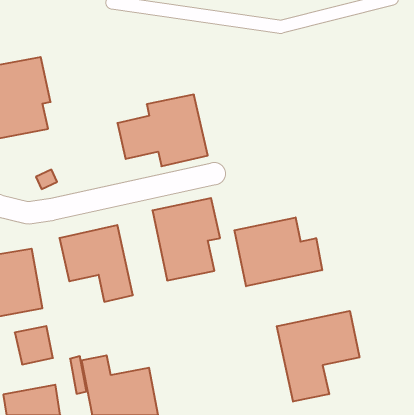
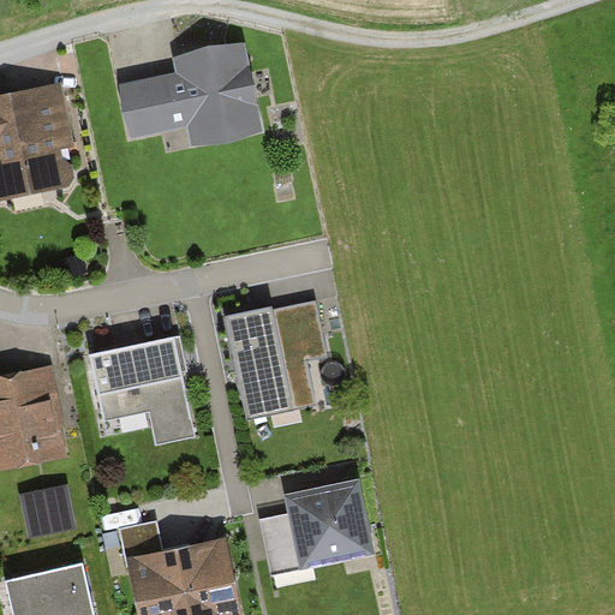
building: [117,95,208,166] -> [126,44,259,150]
building: [234,217,322,286] -> none
building: [277,311,359,402] -> none
building: none -> [261,484,370,573]

